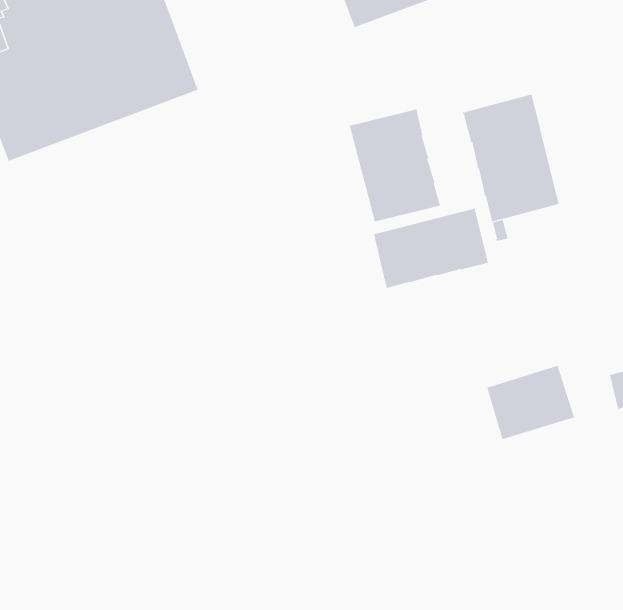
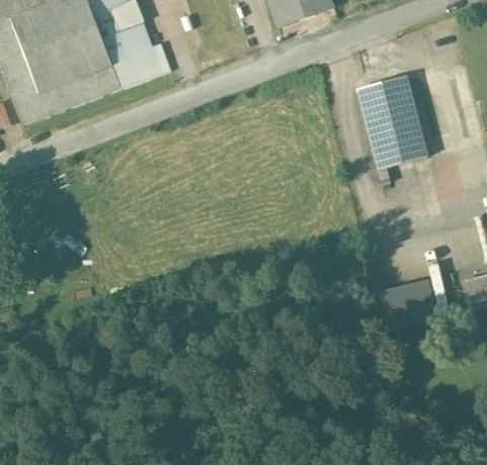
building: [349,108,441,222] -> none
building: [373,208,489,289] -> none

